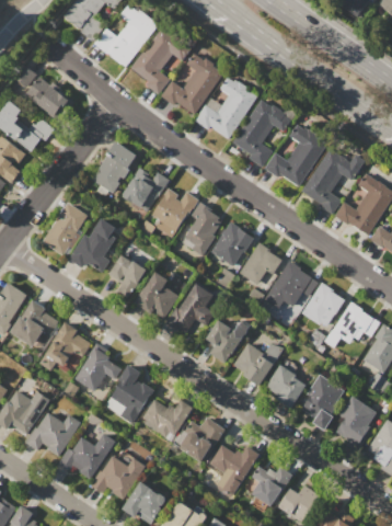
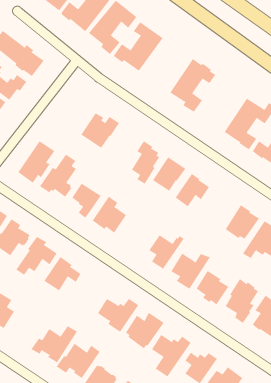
building: [194,77,257,138] -> none
building: [265,124,327,186] -> none
building: [92,140,137,193] -> none
building: [147,187,198,238] -> none
building: [263,261,318,309] -> none
building: [165,283,215,335] -> none
building: [109,364,154,423] -> none
building: [25,412,81,457] -> none

